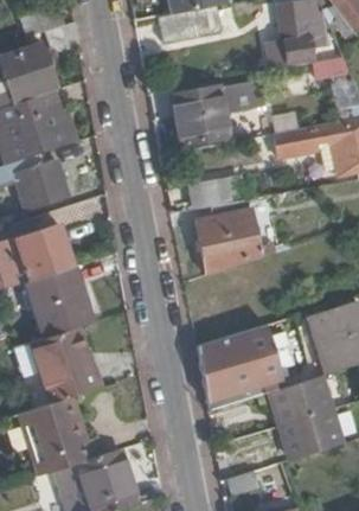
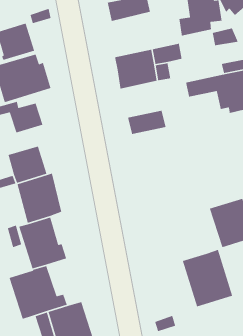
building: [193,206,263,277] -> none
building: [195,318,304,411] -> none

